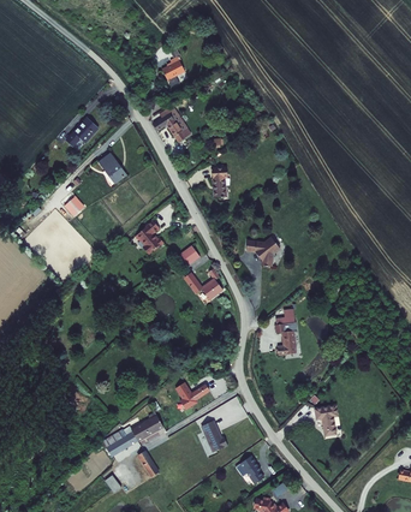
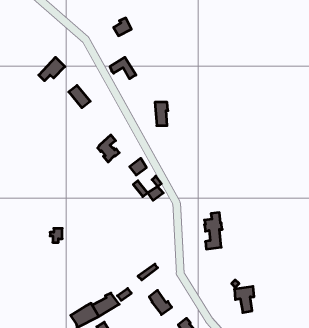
building: [245,242,280,272] -> none

